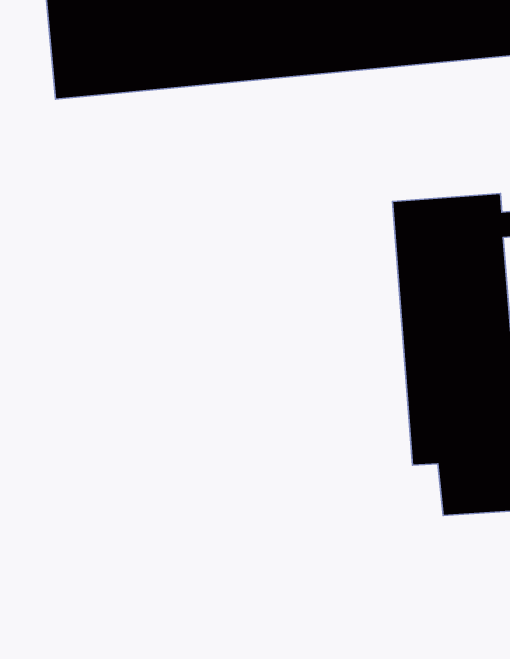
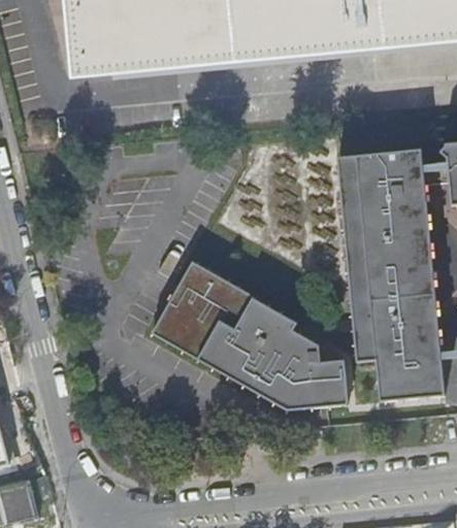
building: none -> [153,259,346,407]

